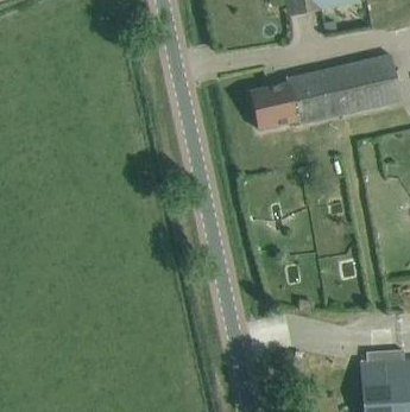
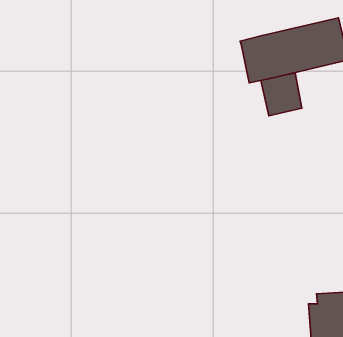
building: [250,84,294,131] -> [261,73,302,116]

